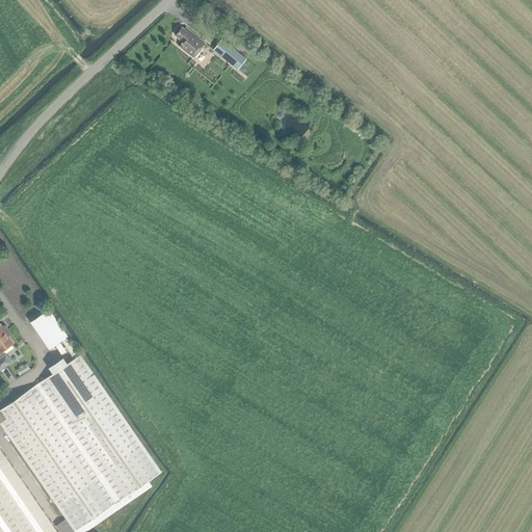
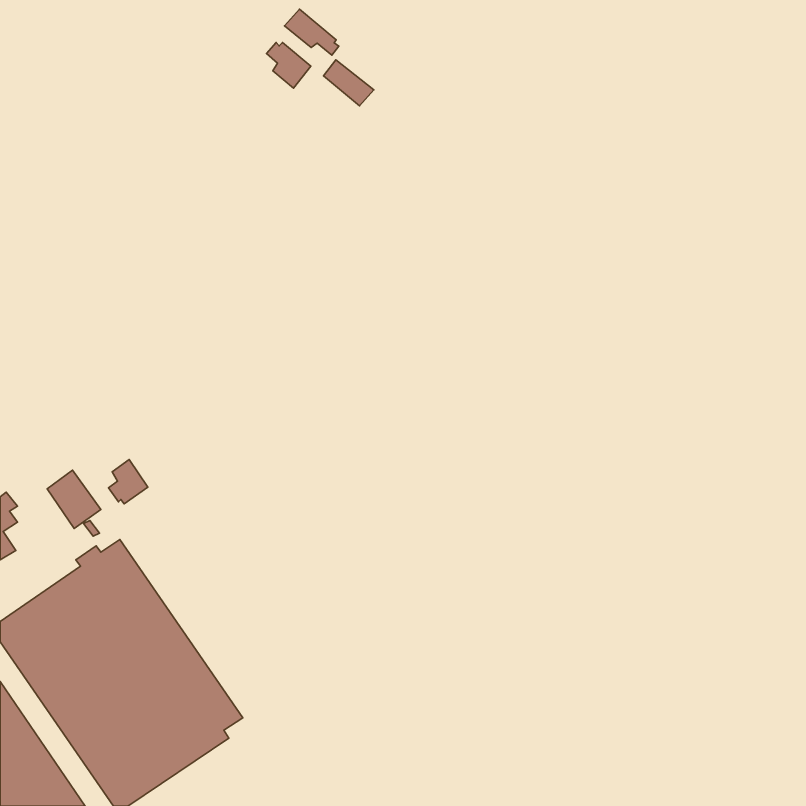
building: none -> [285,9,339,55]
building: none -> [108,460,148,504]

